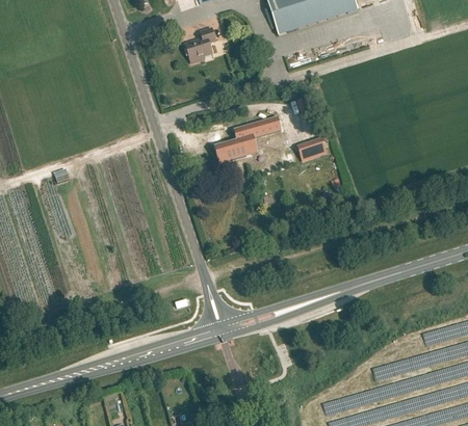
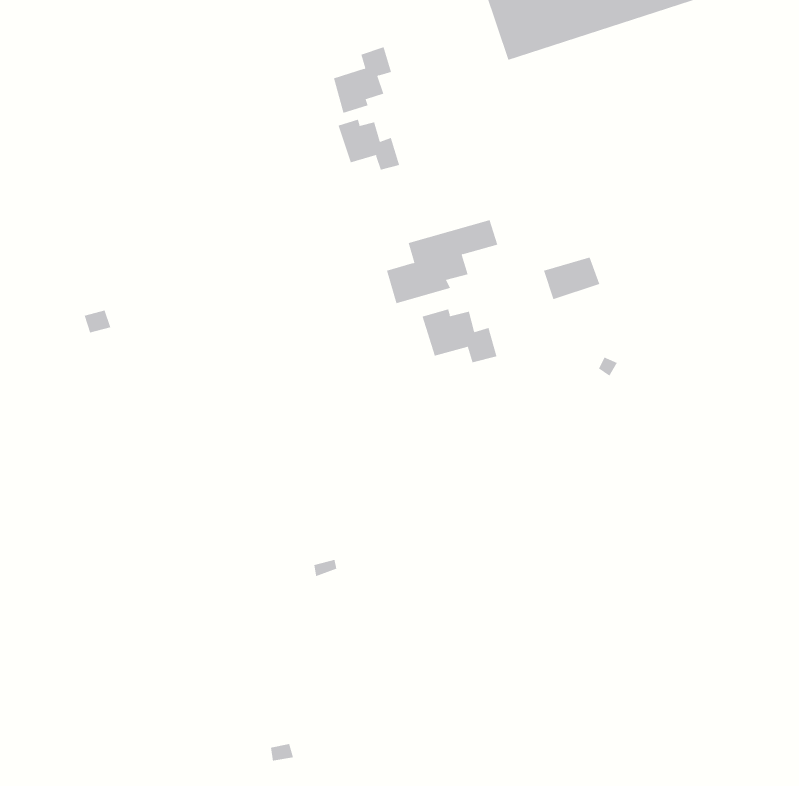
building: none -> [338,119,400,171]
building: none -> [422,309,497,363]

